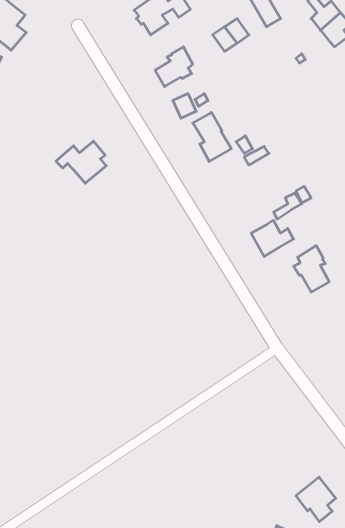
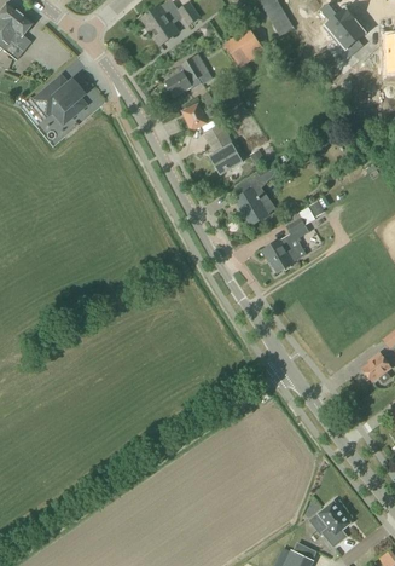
building: [56,141,106,183] -> [33,79,85,122]
building: none -> [234,174,275,225]
building: [294,246,329,292] -> none

